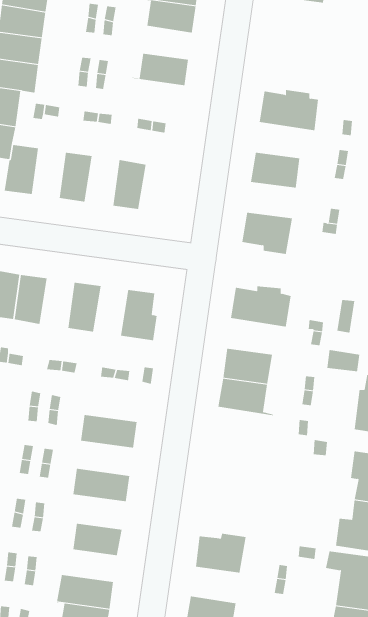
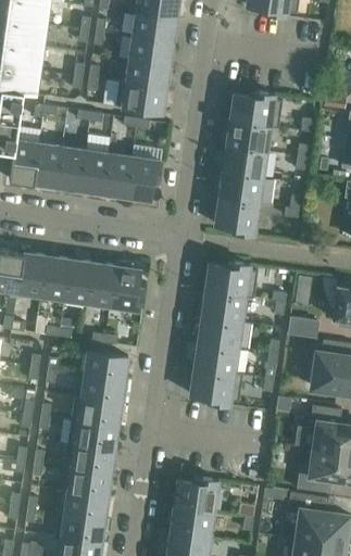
building: none -> [129,37,173,66]
building: none -> [116,83,166,114]
building: none -> [227,121,279,152]
building: none -> [34,143,62,187]
building: none -> [79,150,109,193]
building: none -> [126,157,161,201]
building: none -> [220,173,263,204]
building: none -> [40,256,70,300]
building: none -> [87,263,116,306]
building: none -> [202,291,254,323]
building: none -> [78,351,128,381]
building: none -> [190,368,243,405]
building: none -> [72,397,122,428]
building: none -> [68,444,115,475]
building: none -> [59,492,108,520]
building: none -> [171,507,214,539]

